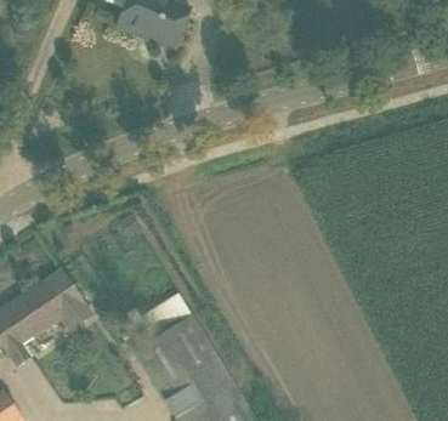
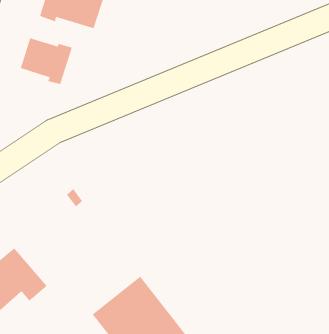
building: none -> [20,38,72,85]

